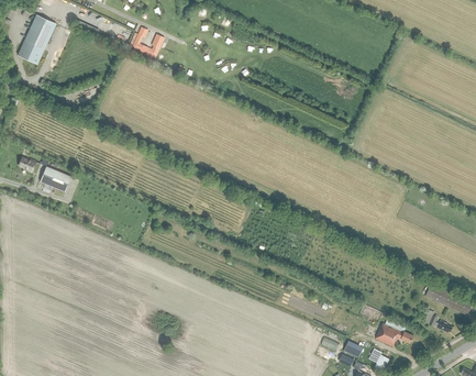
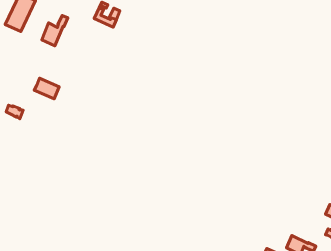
building: none -> [42,16,68,46]
building: [40,166,71,192] -> [34,78,59,99]

